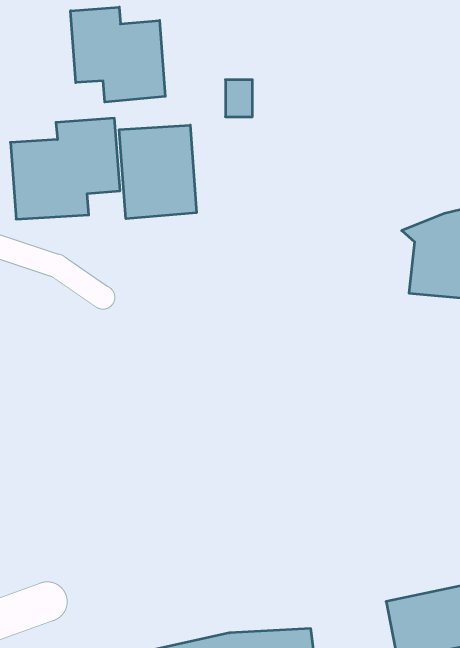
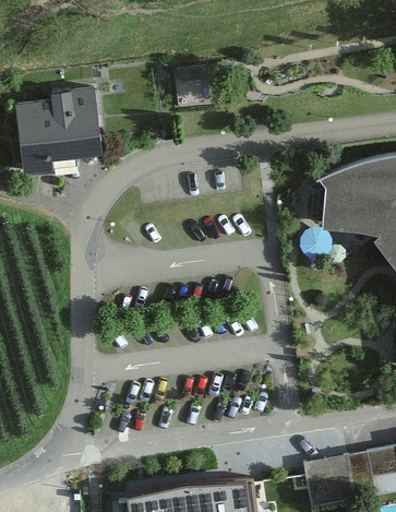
building: [71,7,165,102] -> none
building: [119,125,196,219] -> none

